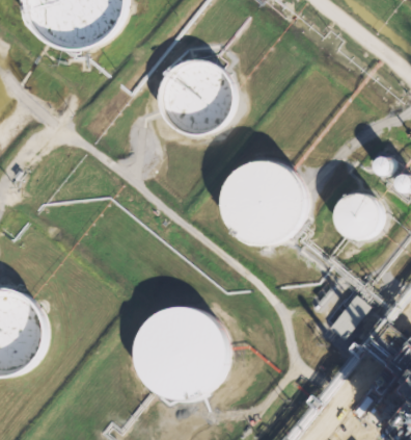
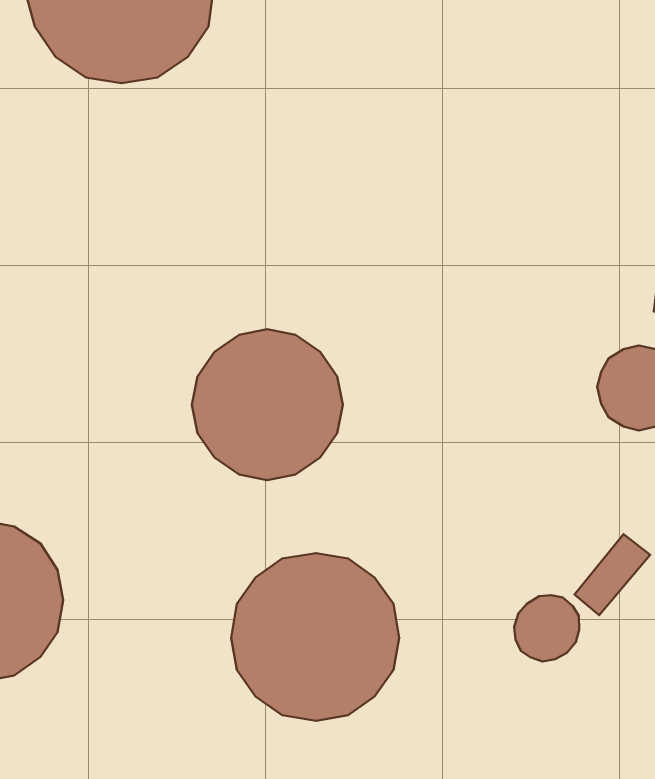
building: [159,59,231,132] -> none
building: [223,159,306,242] -> [192,329,343,480]
building: none -> [514,595,579,662]

